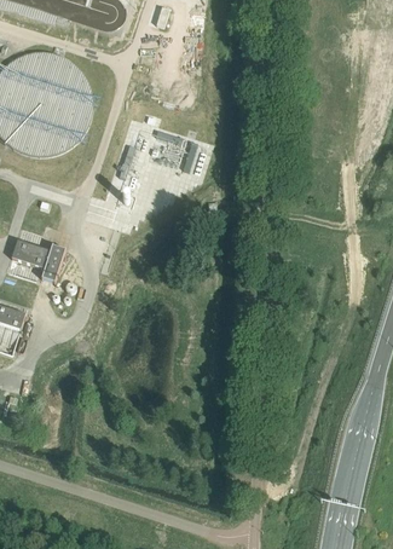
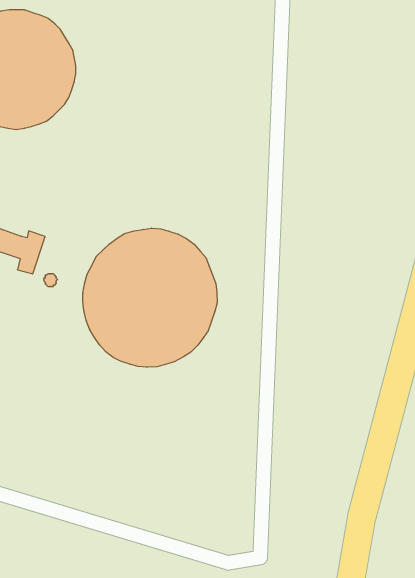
building: none -> [83,228,217,367]

